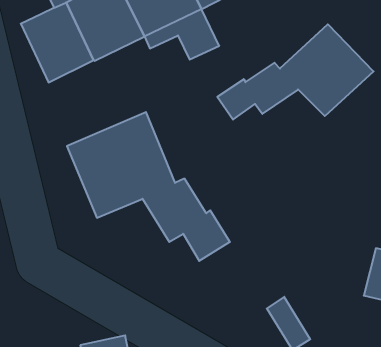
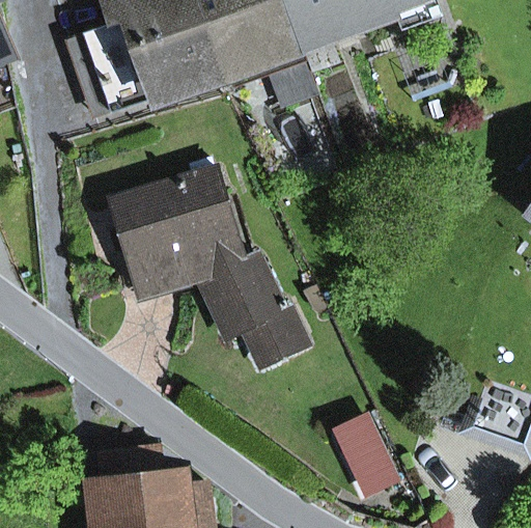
building: [217,24,374,120] -> none

